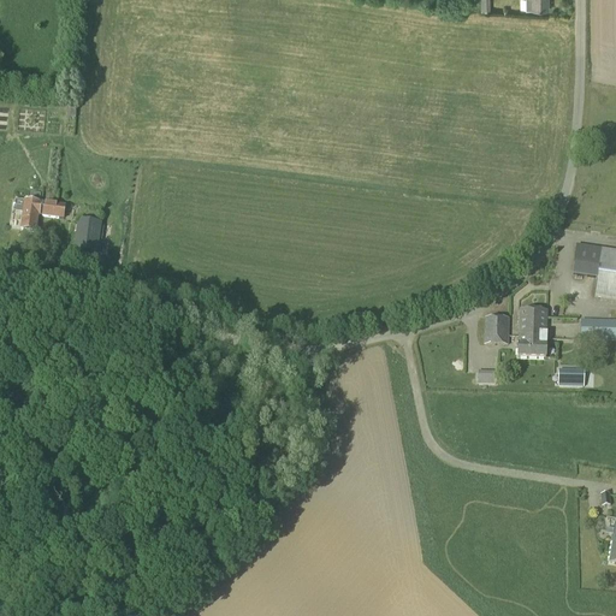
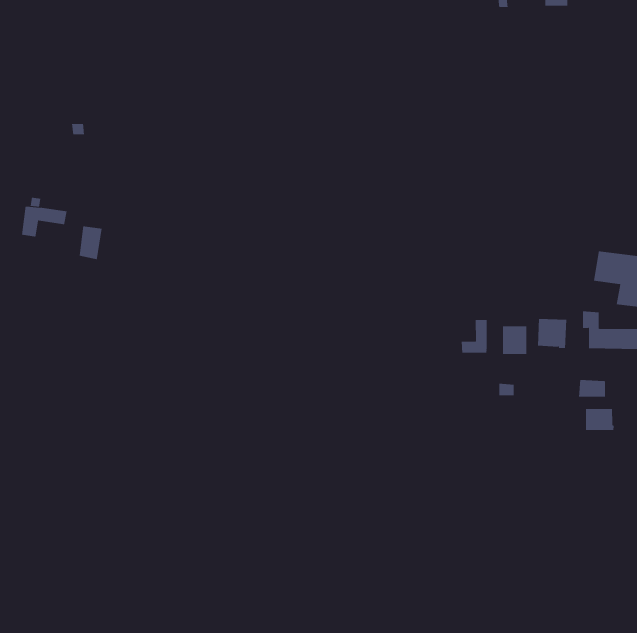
building: none -> [461,319,487,353]
building: [519,333,546,355] -> none
building: none -> [585,408,614,431]

